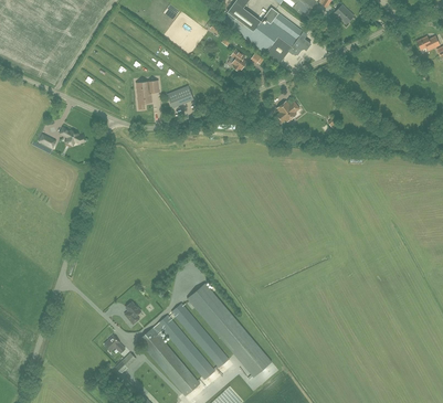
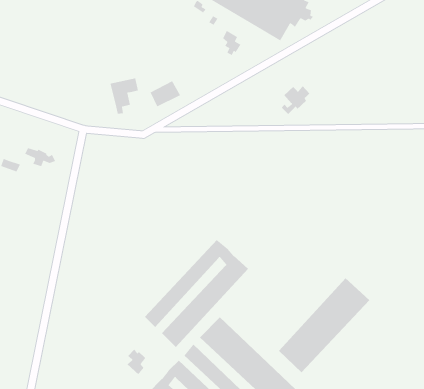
building: none -> [144,239,249,348]
building: none -> [278,278,370,373]

